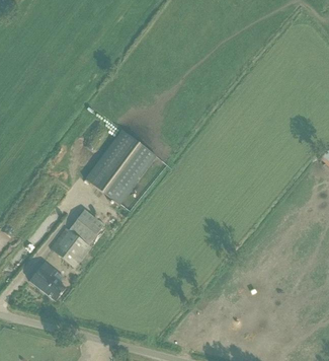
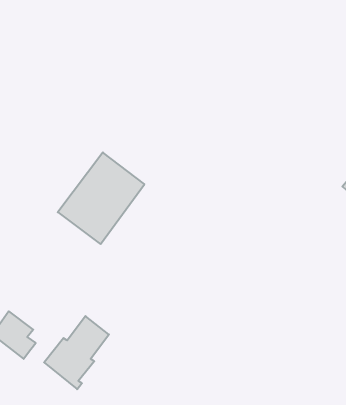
building: [49,208,102,269] -> [44,316,109,389]

